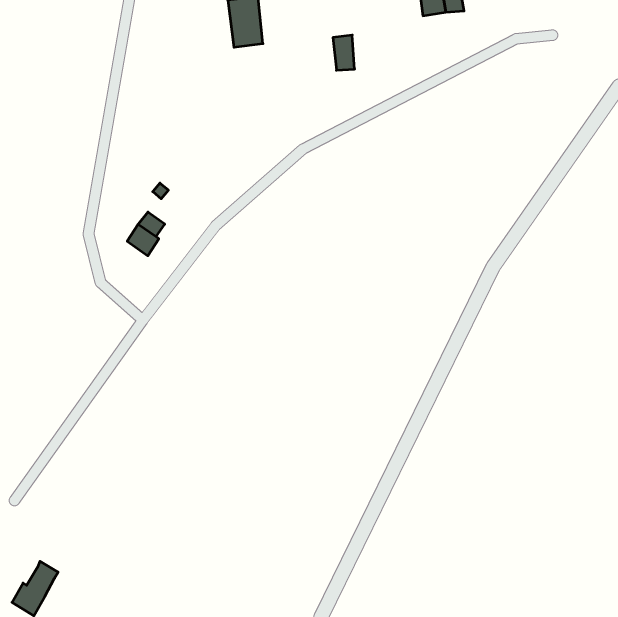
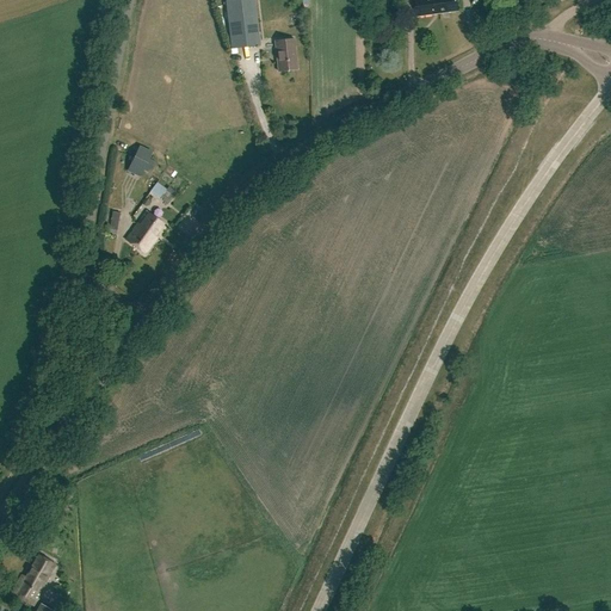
building: [333,35,355,70] -> [276,36,297,70]
building: none -> [126,142,155,174]

